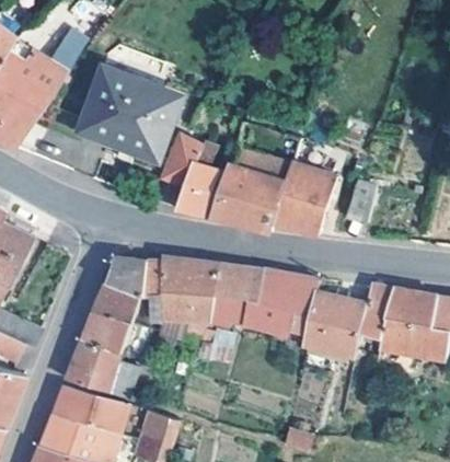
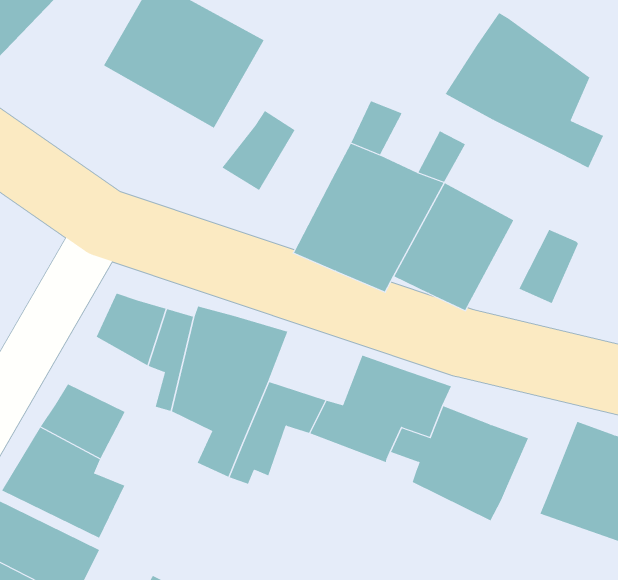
building: none -> [445,12,604,169]
building: [176,141,228,218] -> none
building: [210,264,262,301] -> none
building: [94,285,139,325] -> none
building: [358,285,392,337] -> none

